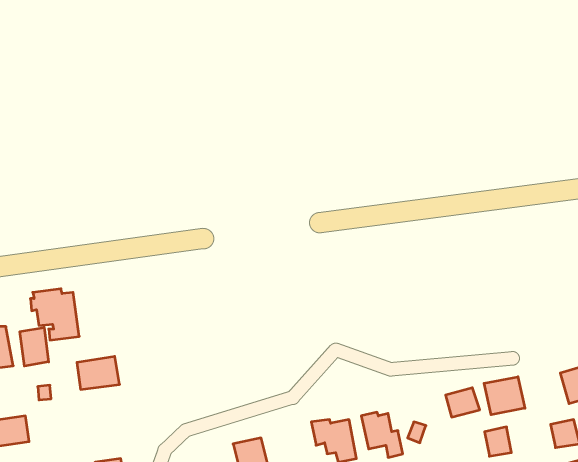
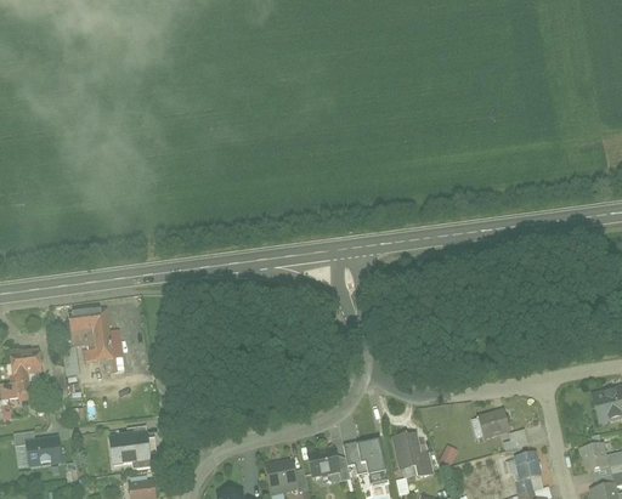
building: [20,327,49,366] -> none
building: [77,356,120,389] -> [111,432,153,465]
building: [484,377,525,415] -> none
building: none -> [307,447,340,477]

